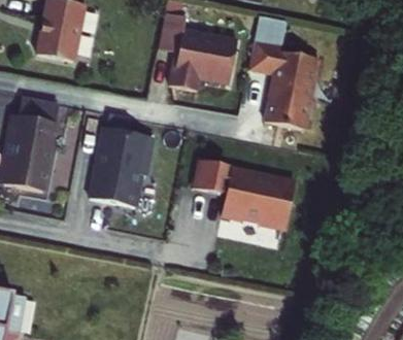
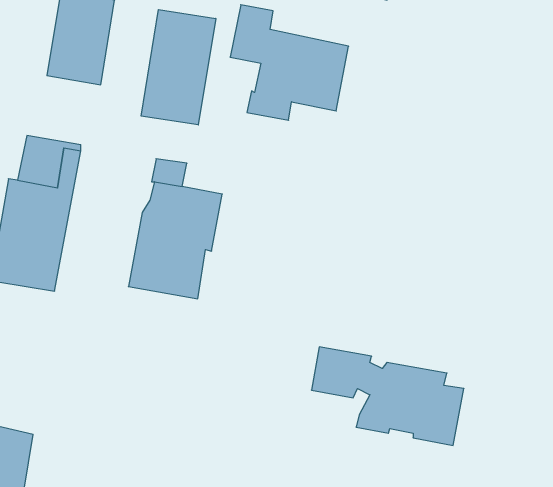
building: none -> [141,10,216,125]
building: [248,37,320,131] -> none
building: [193,157,295,223] -> [311,347,464,445]

